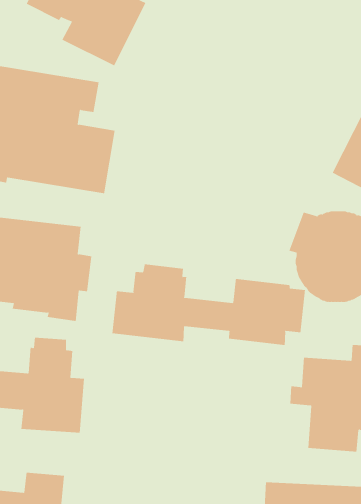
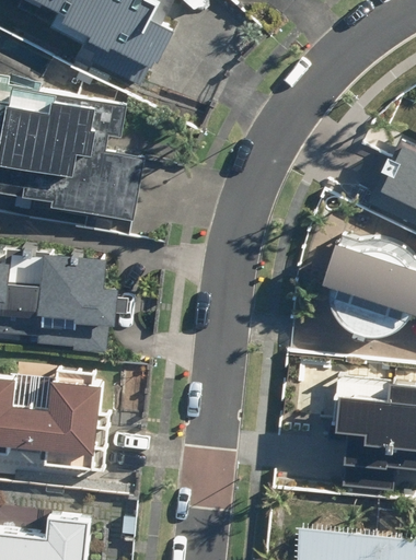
building: [112,263,305,346] -> none

